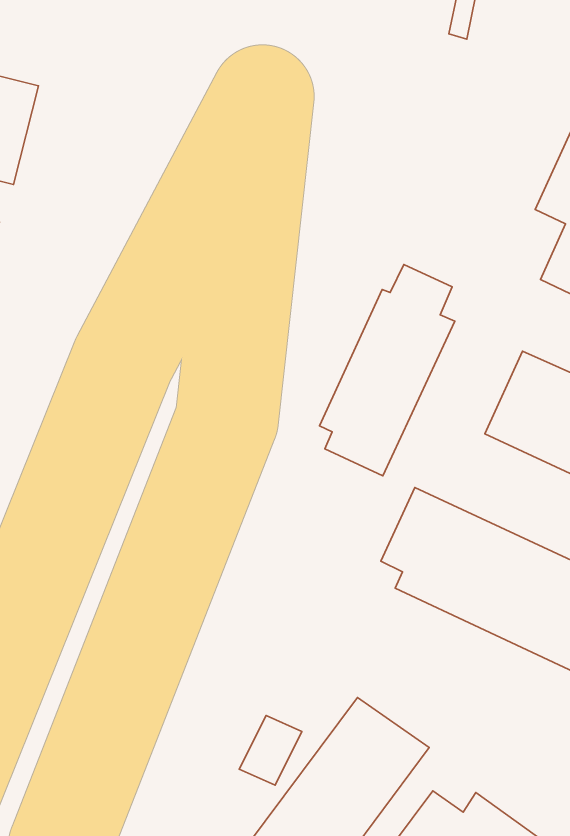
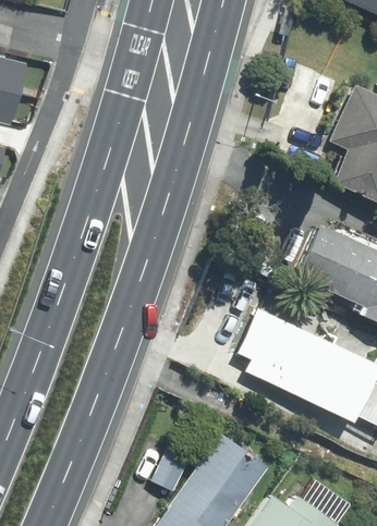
building: [320,265,455,476] -> none

